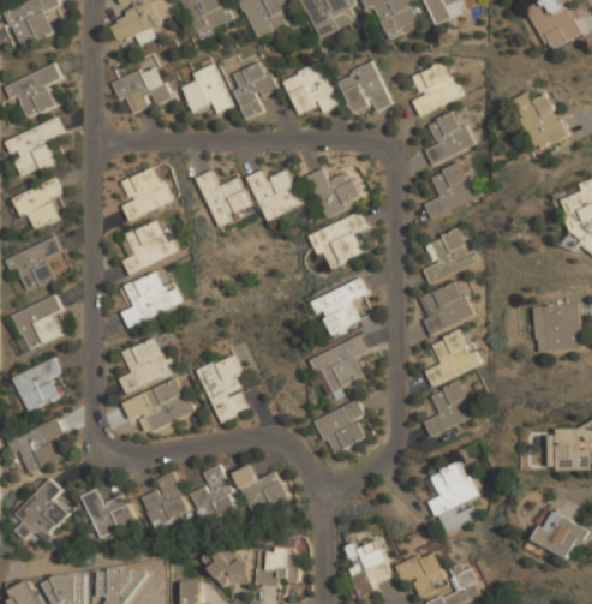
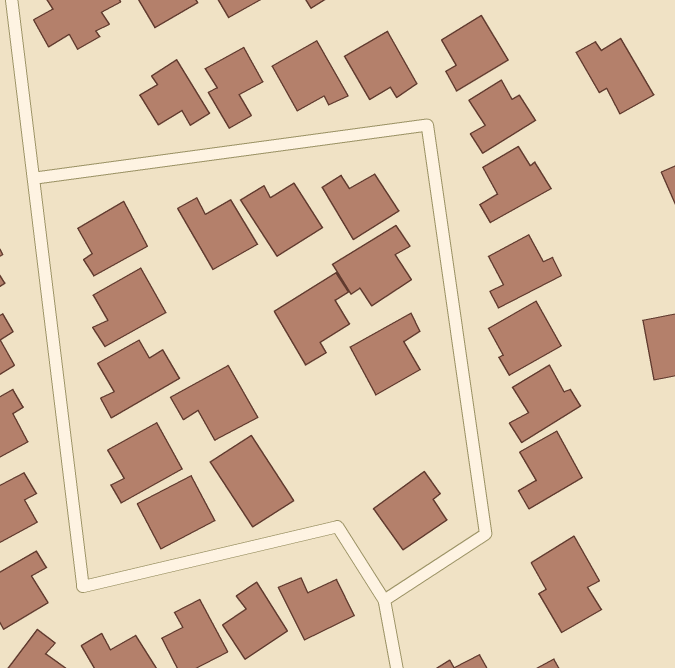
building: [110,66,169,114] -> none
building: none -> [171,365,258,440]
building: [310,335,367,401] -> [274,273,350,365]

